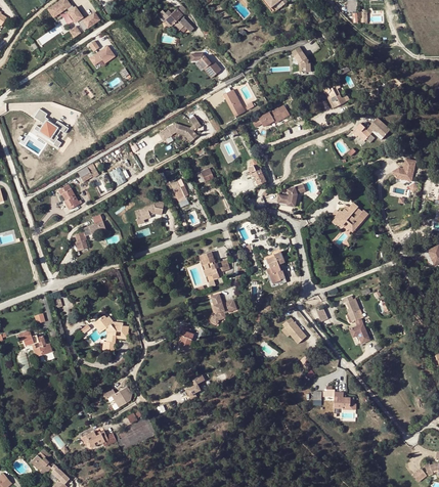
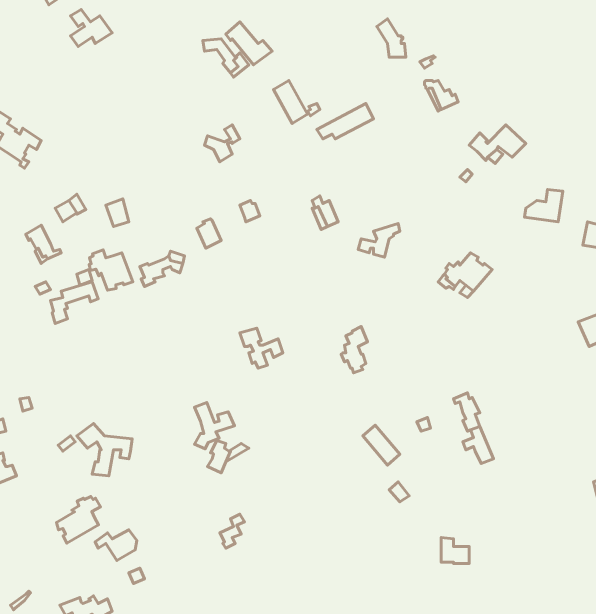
building: none -> [89,250,133,290]
building: [211,294,237,324] -> [194,403,234,449]
building: none -> [57,497,100,543]

